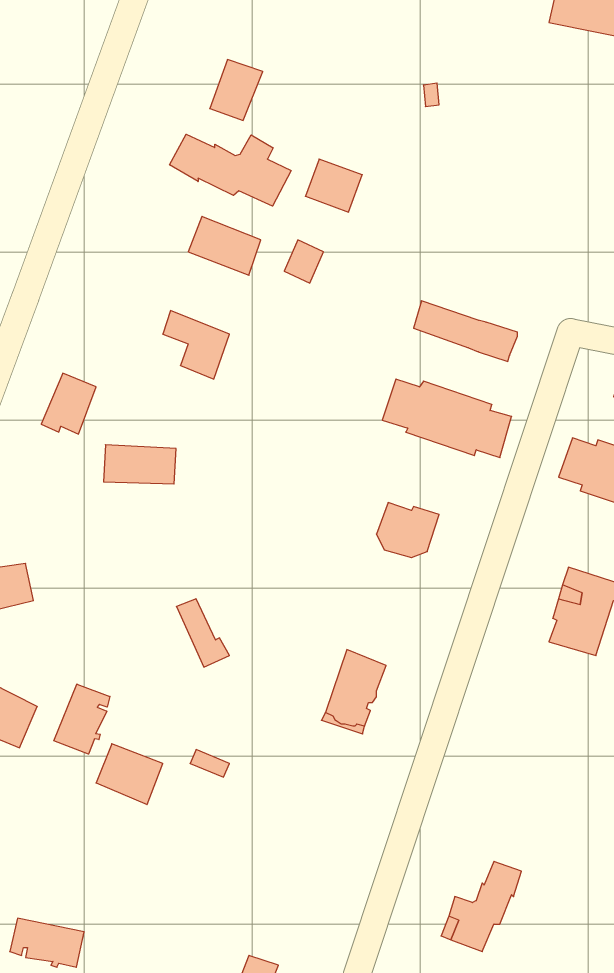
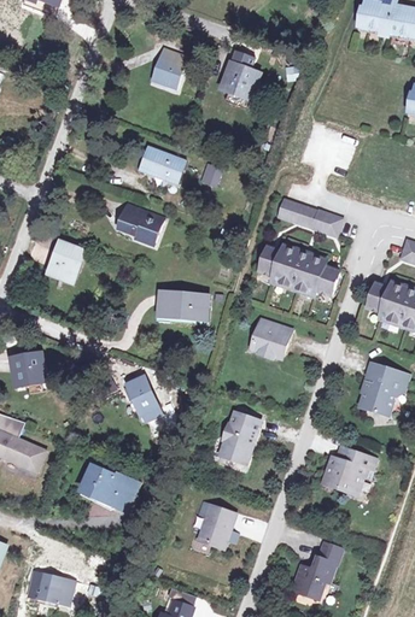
building: [170,134,291,206] -> none
building: [305,159,362,212] -> [222,64,257,96]
building: [104,445,176,484] -> [158,294,203,318]
building: [54,684,110,754] -> none
building: none -> [323,448,376,495]
building: none -> [199,501,238,547]

